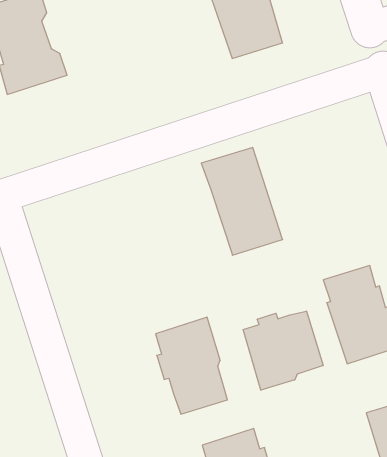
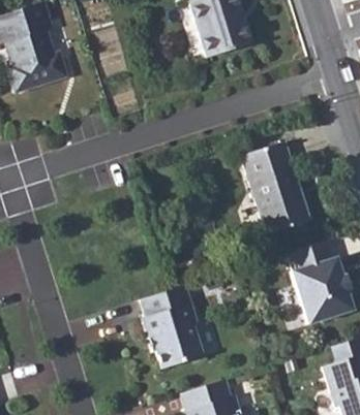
building: [201,147,283,255] -> [240,141,310,234]
building: [243,311,323,390] -> none

